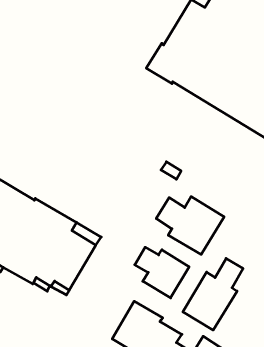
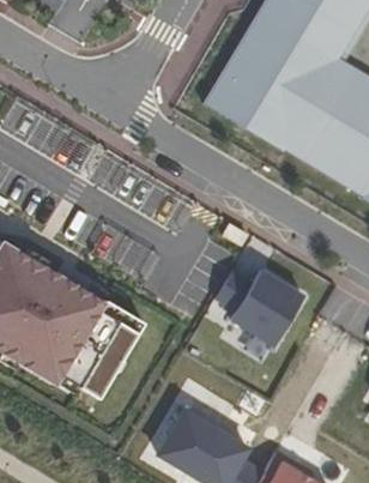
building: [135,247,189,298] -> none
building: [183,258,243,330] -> none

